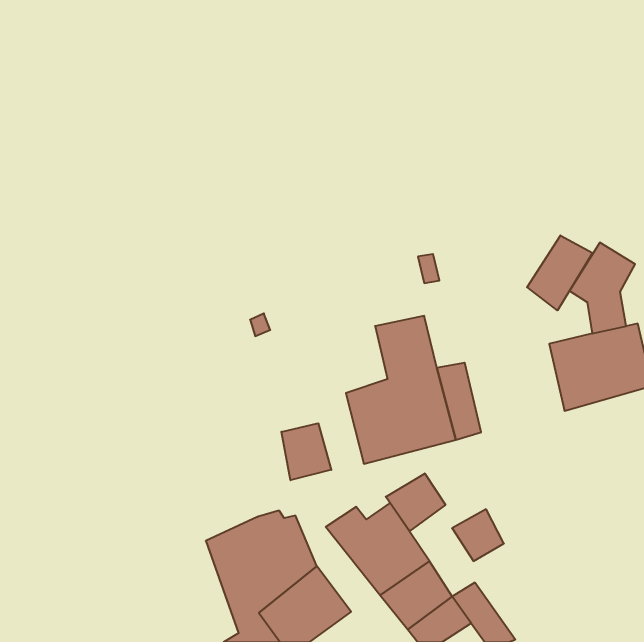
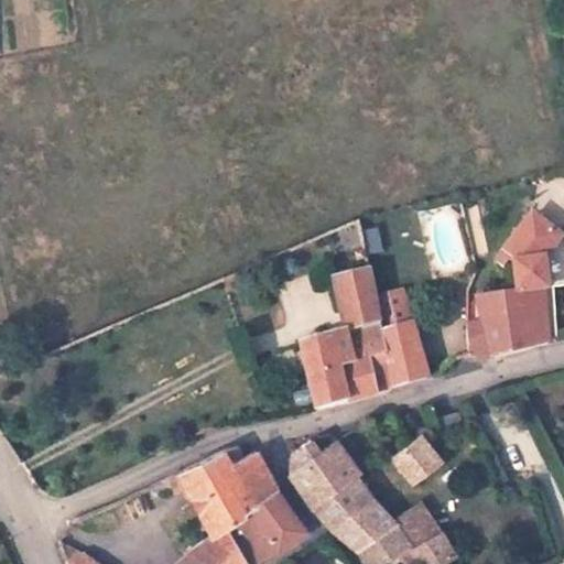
building: [527,235,592,310] -> none
building: [281,423,331,480] -> none
building: [386,473,445,531] -> none

